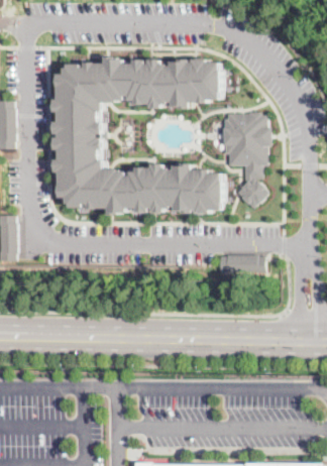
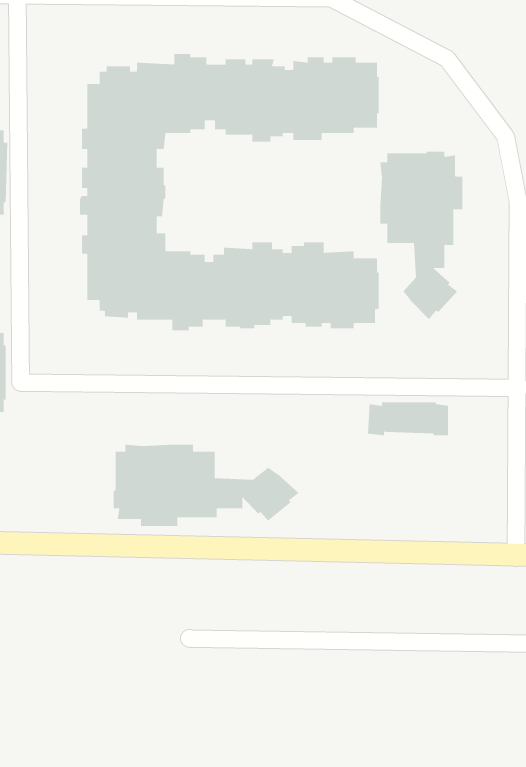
building: none -> [113,444,300,527]

